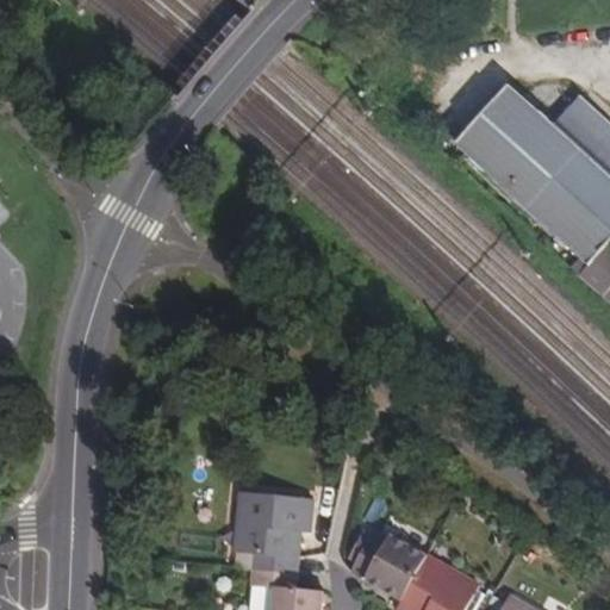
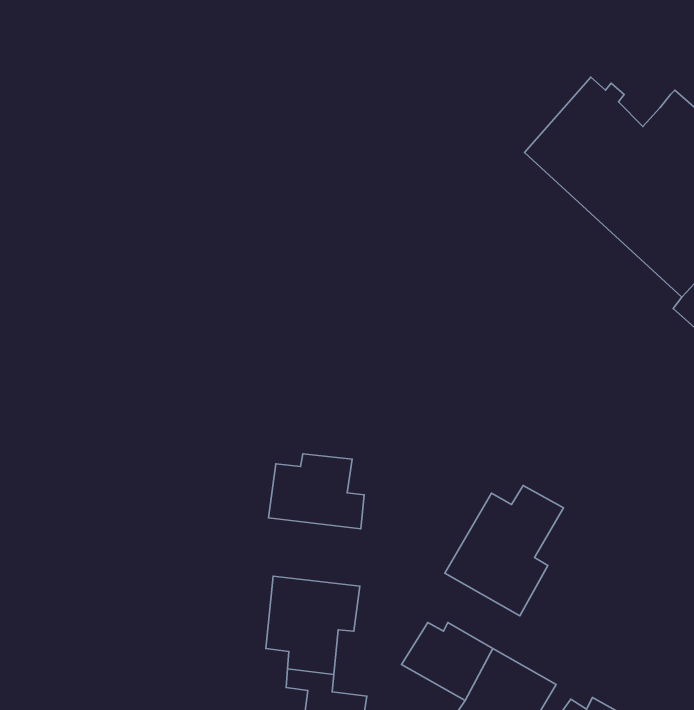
building: none -> [268,454,364,529]
building: none -> [445,485,563,616]

